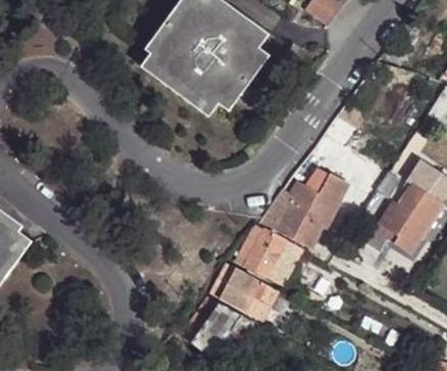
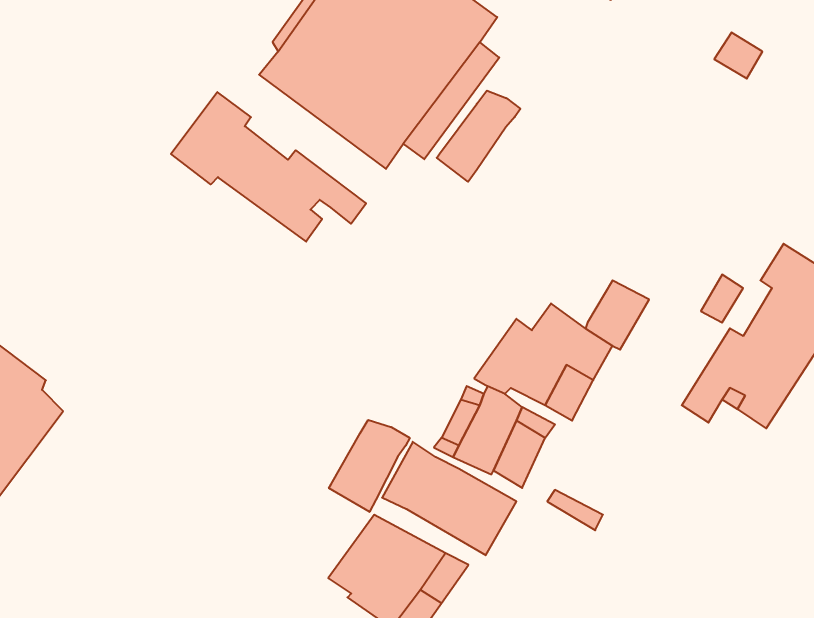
building: none -> [437,91,520,182]
building: none -> [171,92,366,242]
building: none -> [329,420,410,512]

